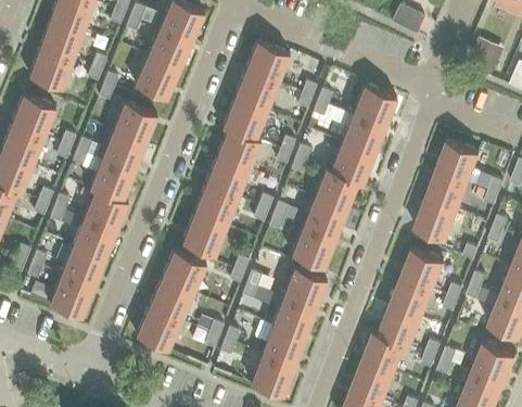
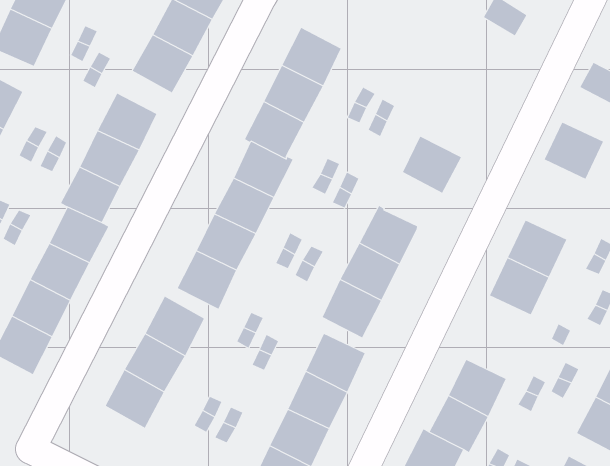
building: [353,86,396,128] -> none
building: [436,141,480,182] -> [544,122,604,179]
building: [331,143,373,186] -> none
building: [402,249,445,290] -> none

